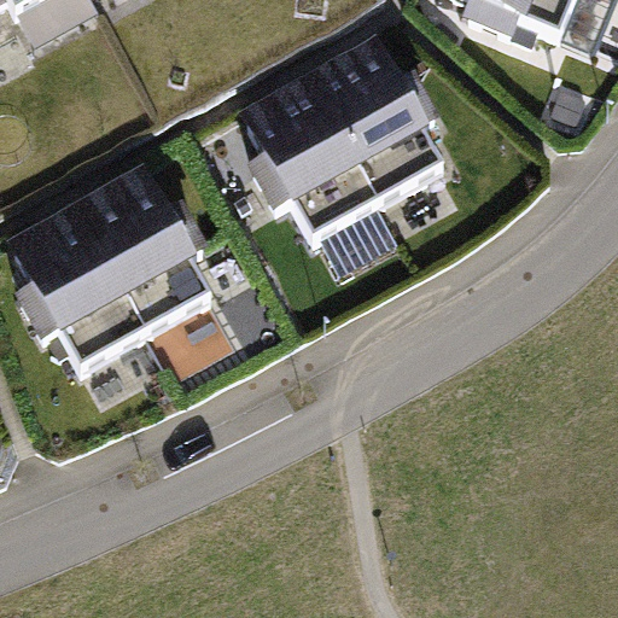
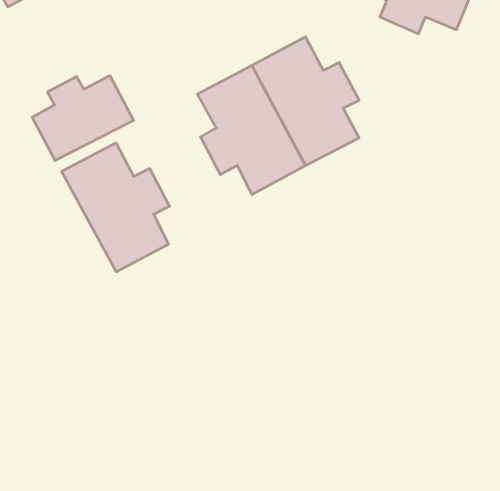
building: none -> [32,76,134,161]
building: [10,210,141,367] -> none

